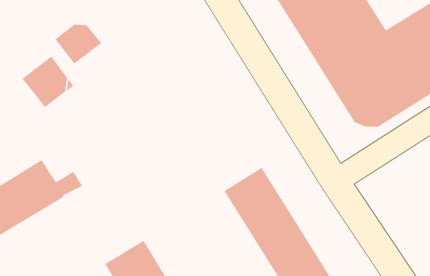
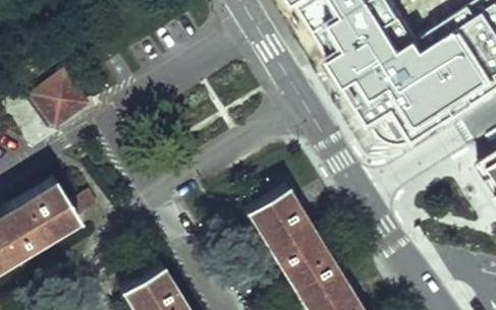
building: [54,24,102,65] -> none

